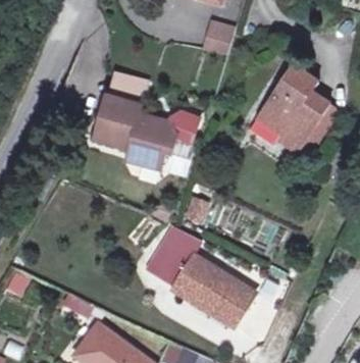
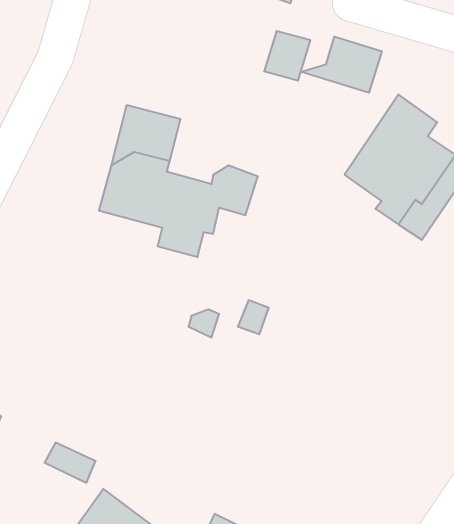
building: none -> [301,37,382,93]
building: [147,227,253,325] -> none

